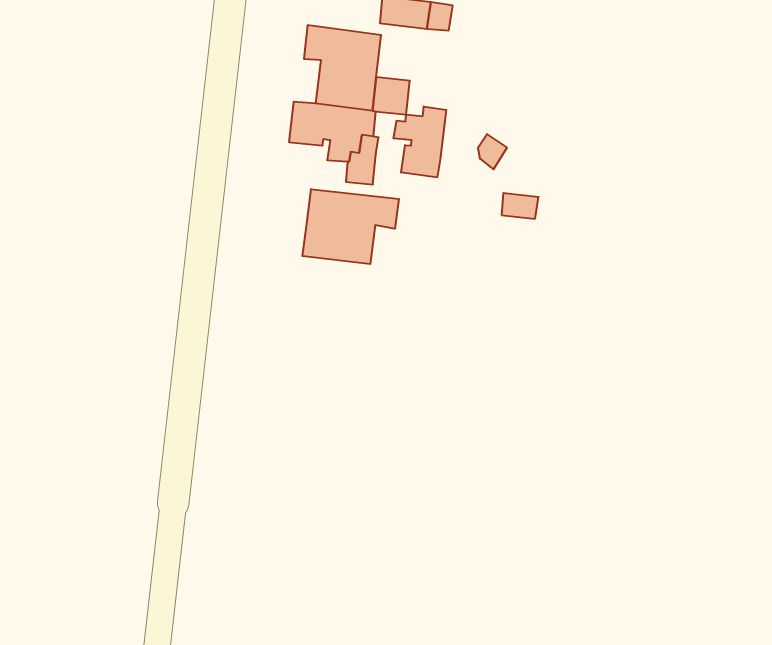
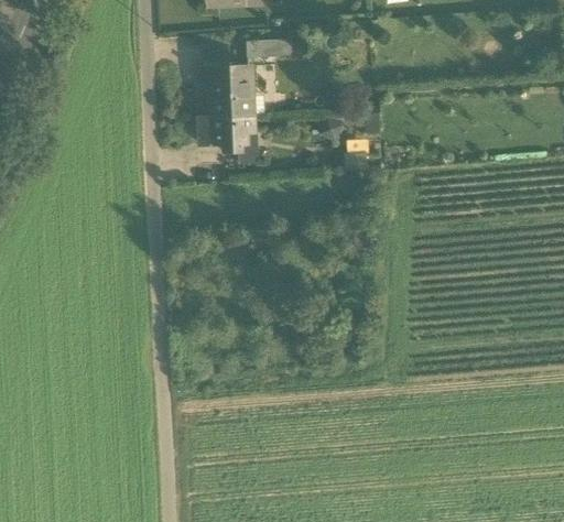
building: [393,106,446,177] -> none
building: [302,189,399,264] -> none

